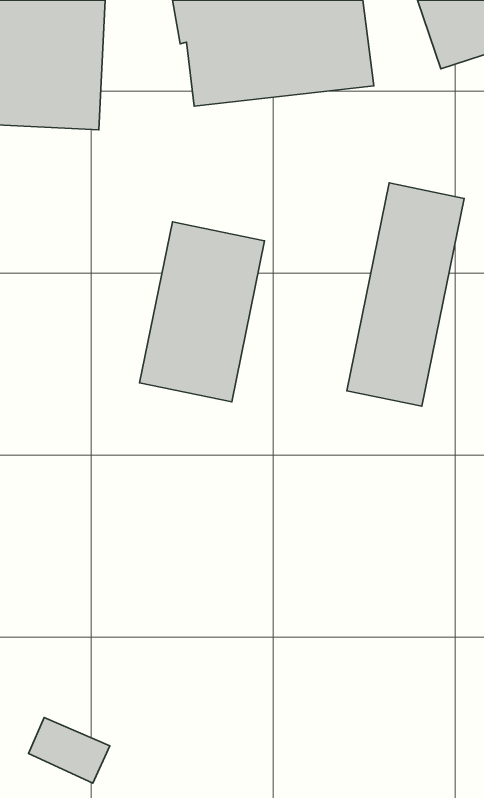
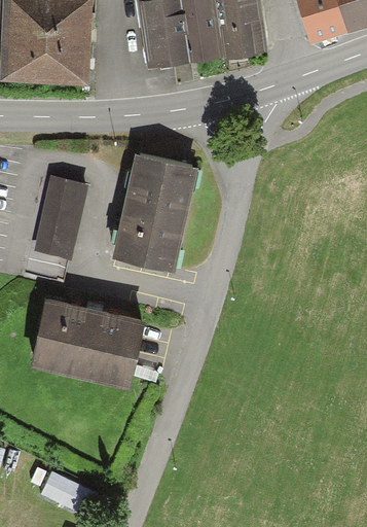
building: [347,183,464,406] -> none
building: none -> [34,165,87,250]
building: none -> [31,285,144,374]

